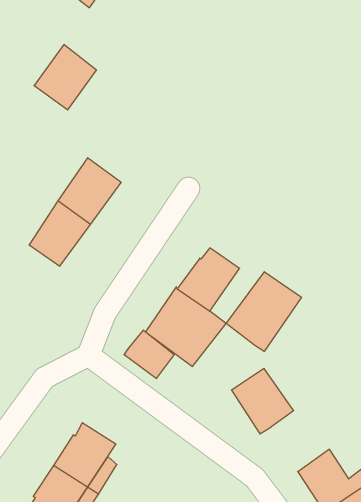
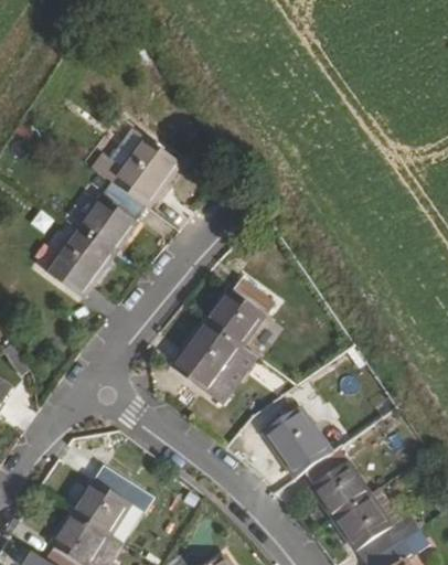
building: [34,45,96,110] -> [108,135,175,205]
building: [226,272,301,351] -> none
building: [124,330,174,379] -> none
building: none -> [303,447,370,518]

